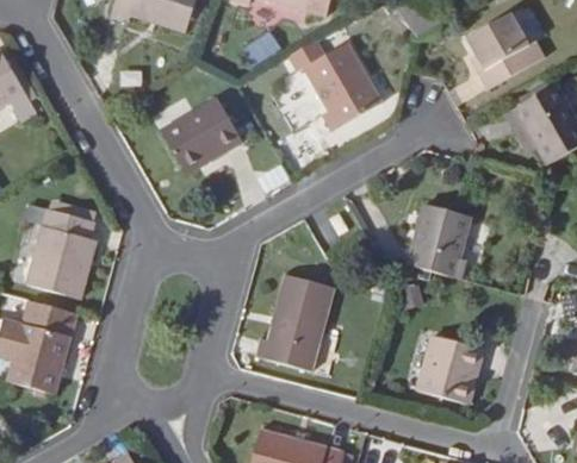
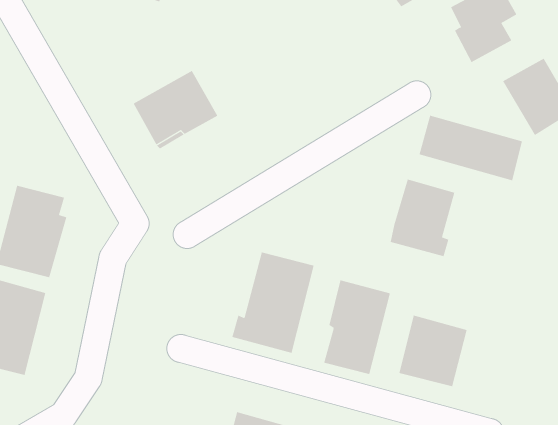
building: [288,40,381,130] -> none
building: none -> [419,115,523,181]
building: none -> [324,280,391,375]

